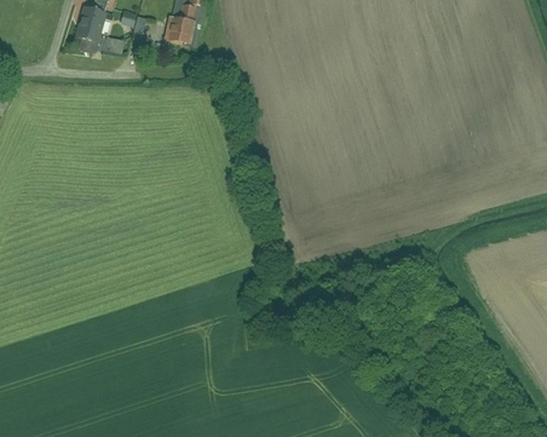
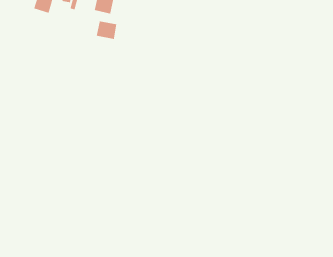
building: none -> [96,21,117,40]

